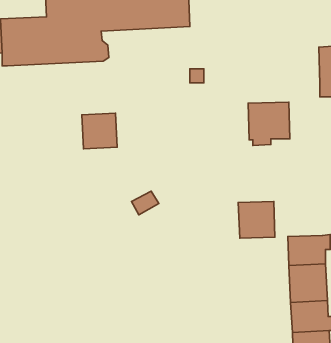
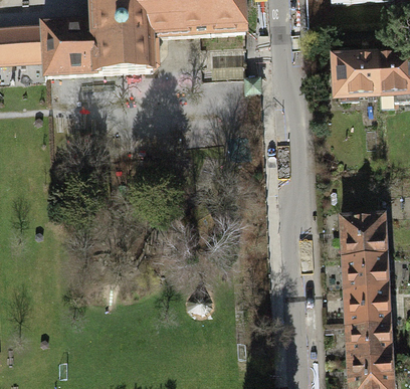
building: [248,102,290,146] -> [338,54,382,101]
building: [82,113,117,149] -> none
building: [238,201,275,238] -> [346,217,385,256]

